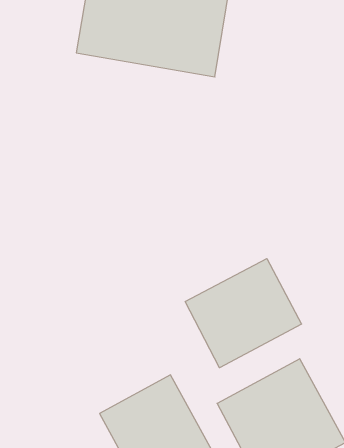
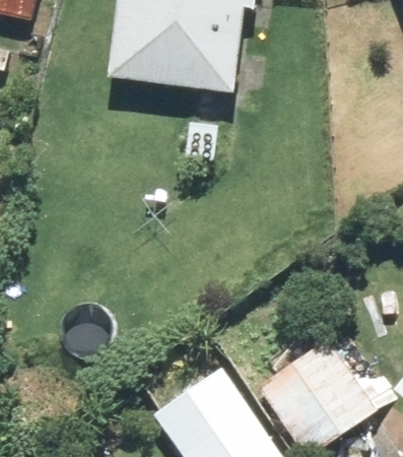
building: [185,259,302,368] -> none

